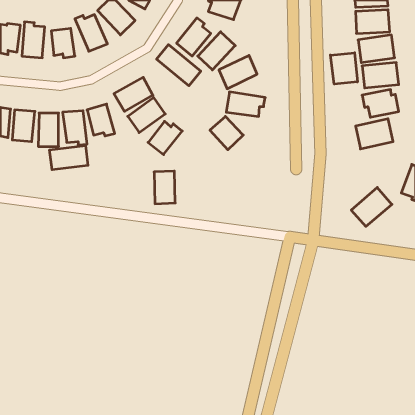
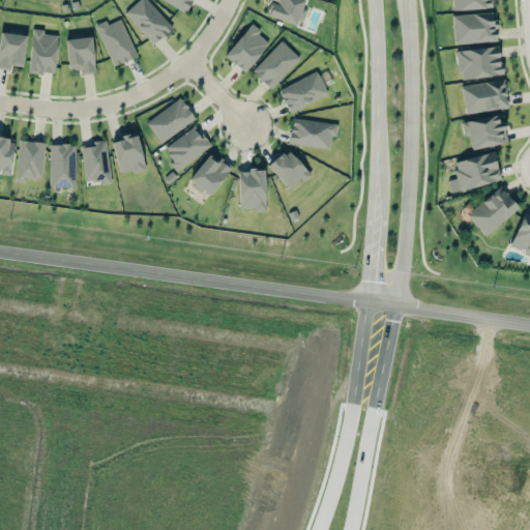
building: [157,45,201,86] -> none
building: [330,53,357,84] -> none
building: [50,145,88,170] -> none
building: [154,171,175,204] -> [239,170,266,211]
building: [351,187,392,226] -> [468,186,520,236]

